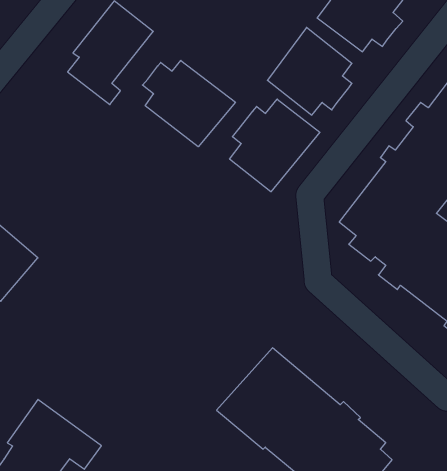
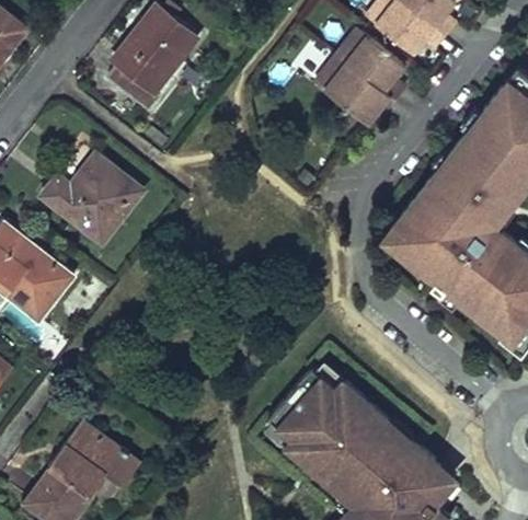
building: [142,60,235,147] -> none
building: [230,99,320,192] -> none
building: none -> [44,139,141,236]

